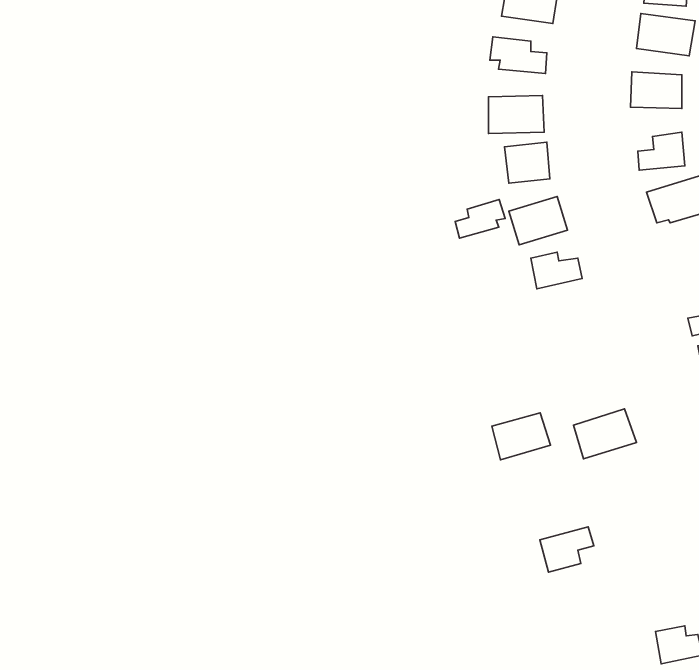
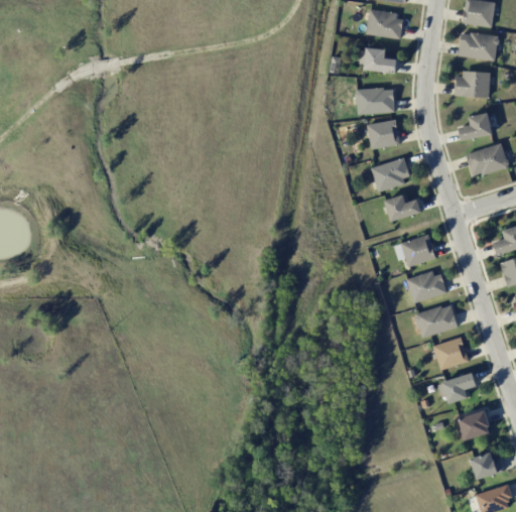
building: [455,200,505,238] -> none
building: none -> [394,236,435,265]
building: [492,413,550,460] -> [407,270,447,302]
building: none -> [433,338,469,370]
building: [540,527,594,572] -> [439,373,477,404]
building: none -> [460,411,491,439]

